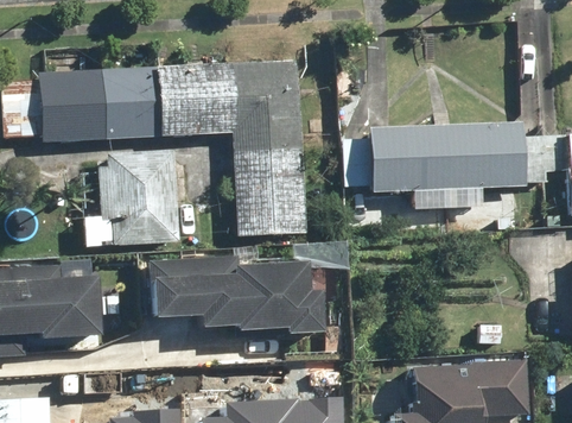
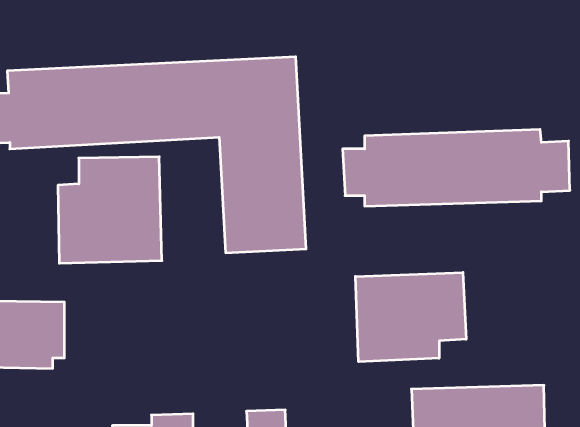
building: [141,246,323,343] -> none
building: none -> [355,272,466,362]

